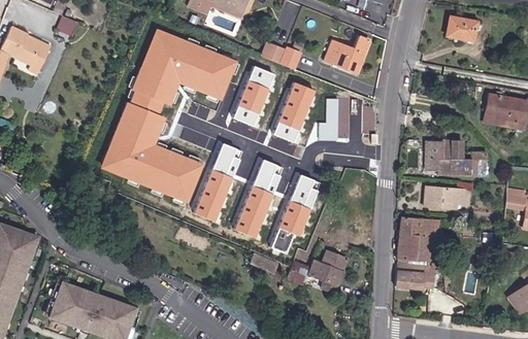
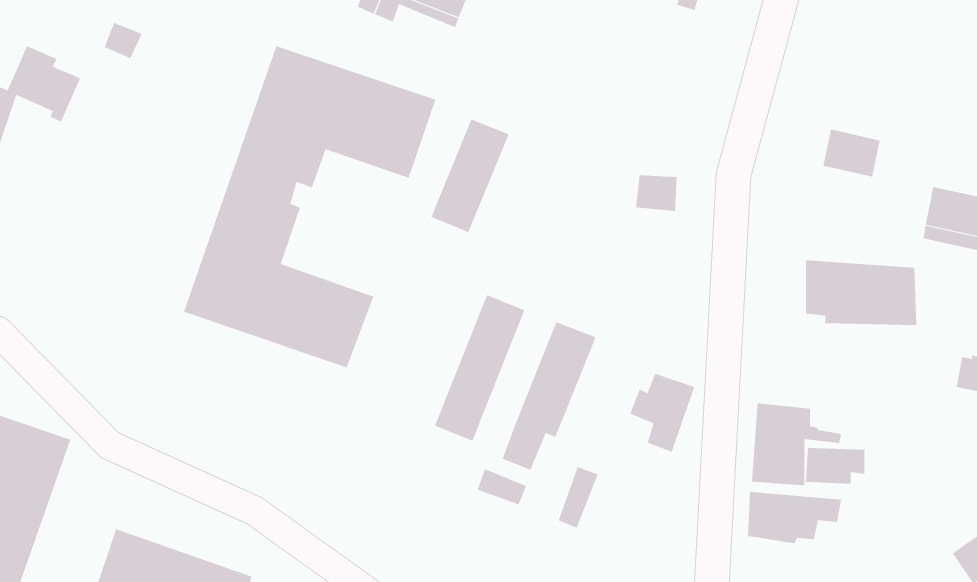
building: [453,16,484,42] -> [823,129,881,177]
building: [326,32,371,70] -> none
building: [259,39,300,68] -> none
building: [271,82,312,142] -> none
building: [318,97,336,137] -> none
building: [192,143,240,222] -> none
building: [434,188,466,207] -> [805,447,865,484]
building: [316,253,351,296] -> [630,373,695,452]

